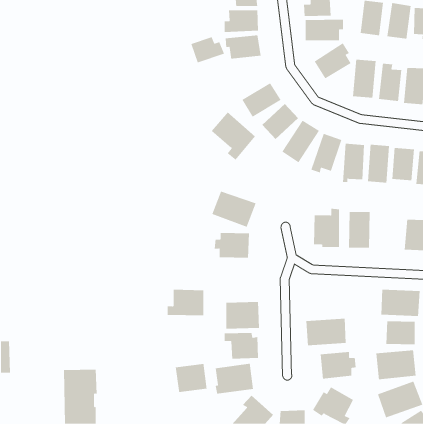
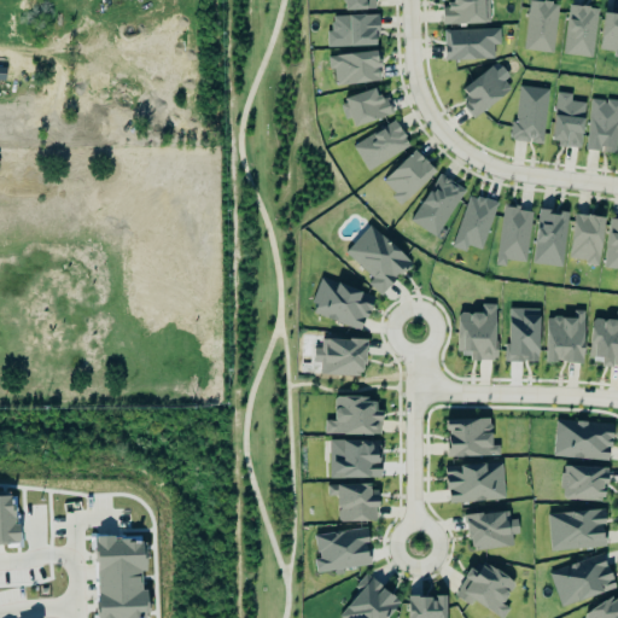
building: [191,36,225,63] -> [344,88,393,127]
building: [211,112,256,161] -> [346,223,412,295]
building: none -> [546,309,585,361]
building: none -> [447,416,501,455]
building: [167,289,204,316] -> [326,395,380,433]
building: [175,363,207,393] -> none

